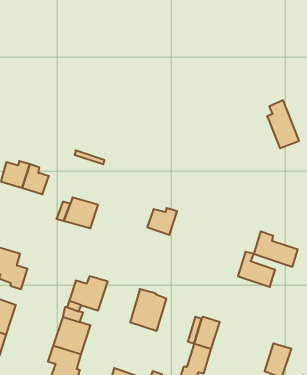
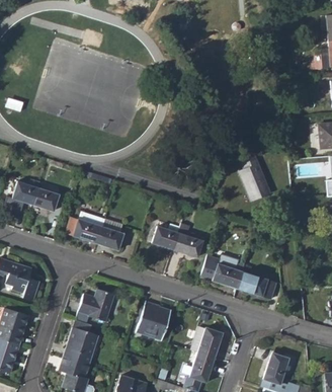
building: [267,100,299,148] -> [240,157,270,203]
building: none -> [99,219,123,249]
building: none -> [174,223,203,256]
building: [254,232,298,267] -> [202,255,244,289]

